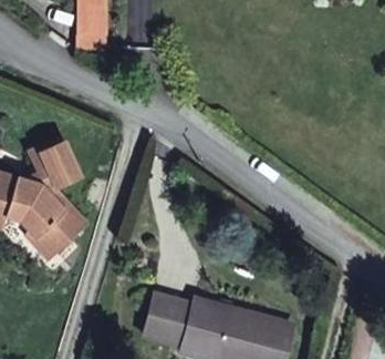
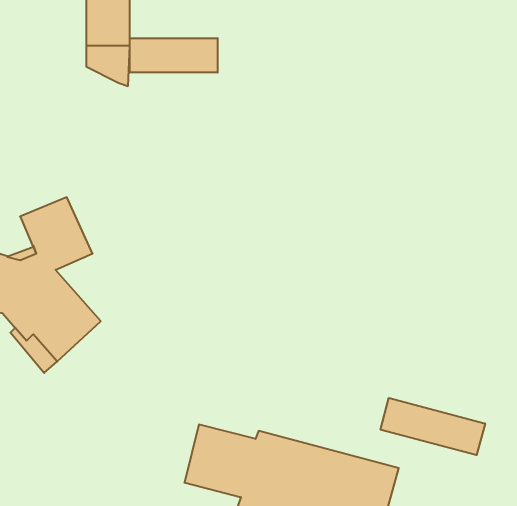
building: none -> [130,38,218,73]
building: none -> [381,398,485,455]

